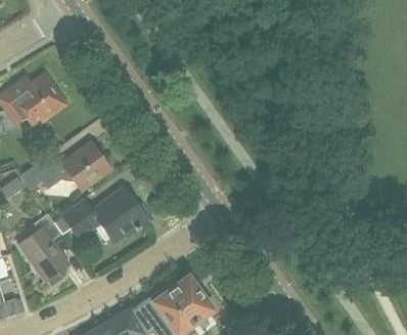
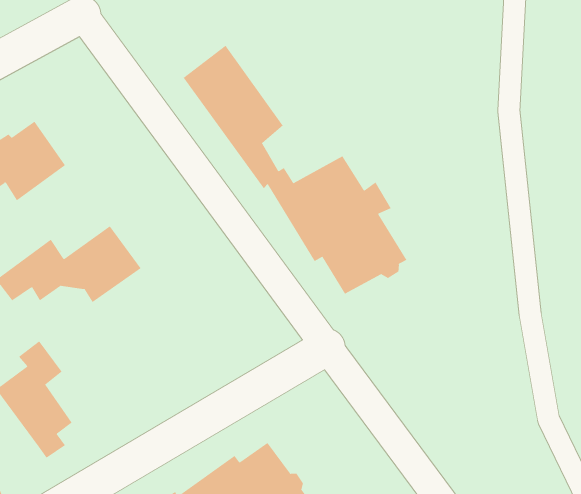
building: none -> [183,45,407,295]
building: [62,186,149,240] -> none

